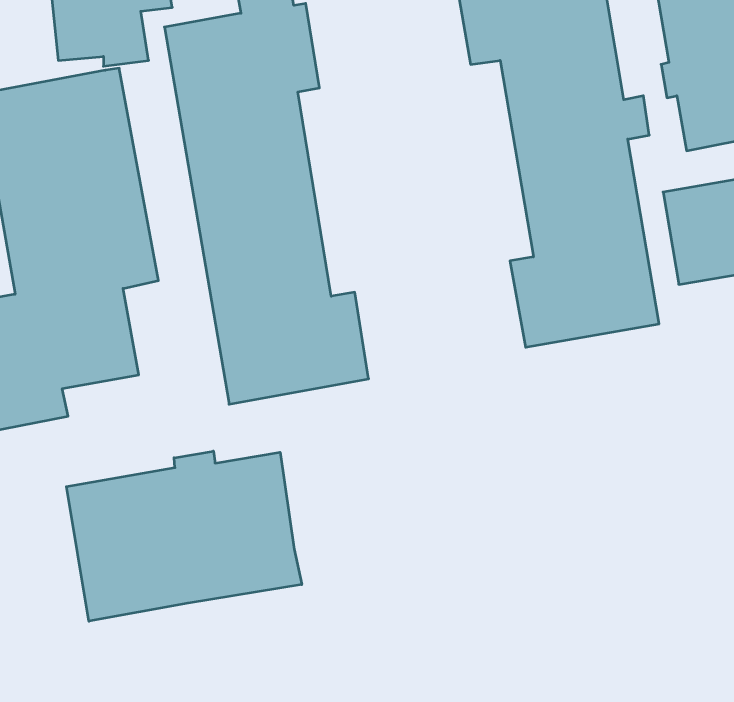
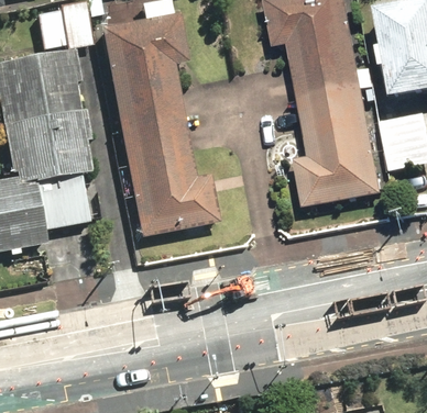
building: [66,451,302,621] -> none

